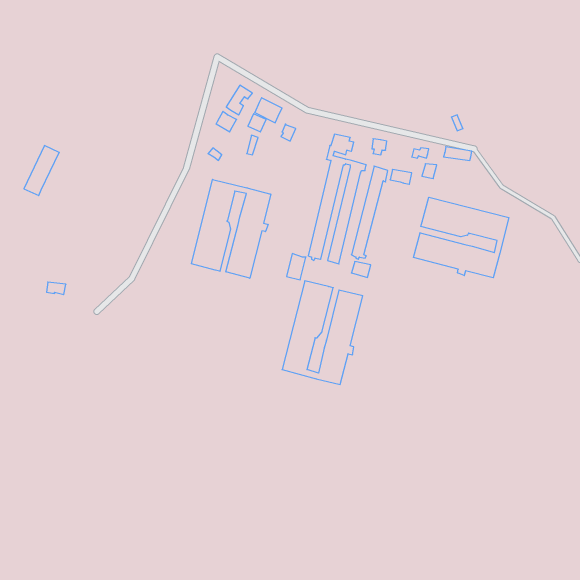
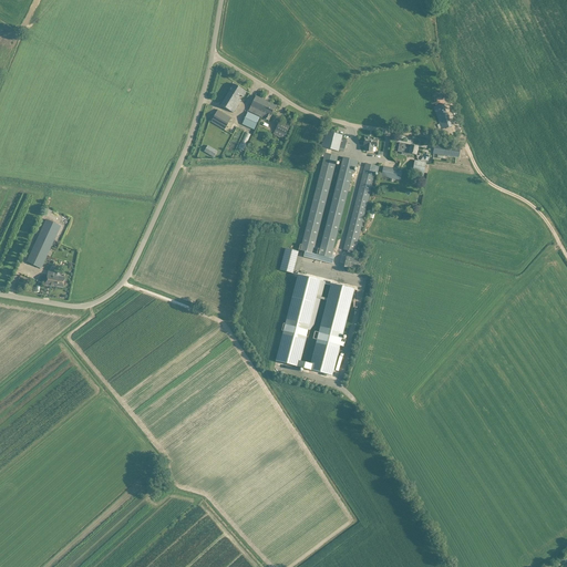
building: [24,146,59,196] -> [25,219,60,268]
building: [192,179,271,278] -> none
building: [413,197,509,278] -> none

